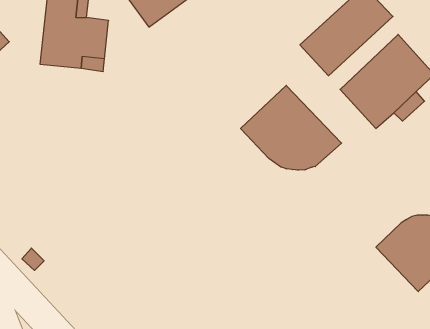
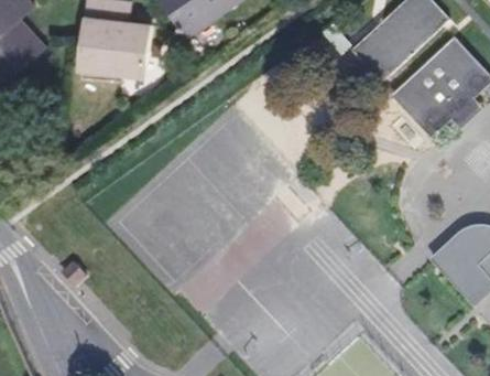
building: [241,85,342,170] -> none

